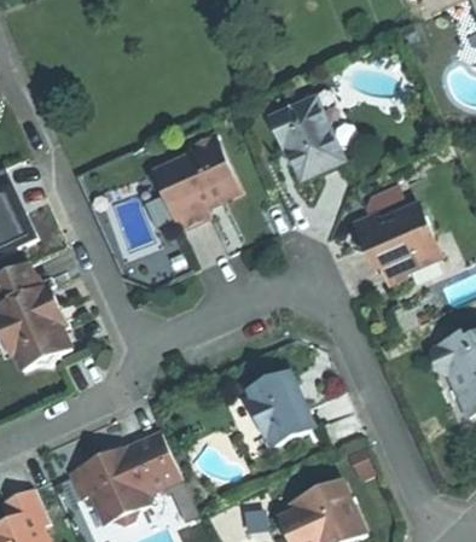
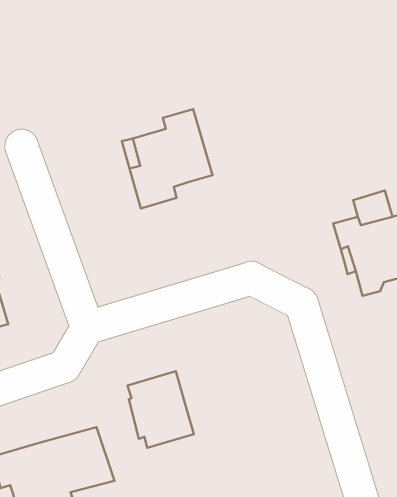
building: [271,98,343,179] -> none
building: [246,372,312,444] -> [128,371,194,448]

